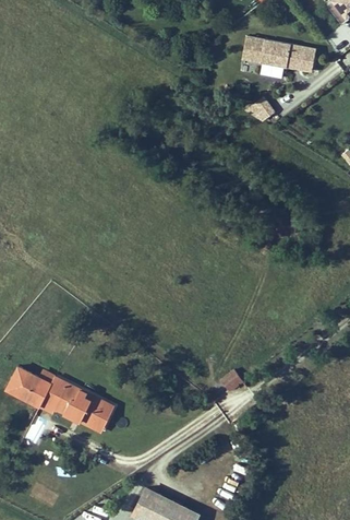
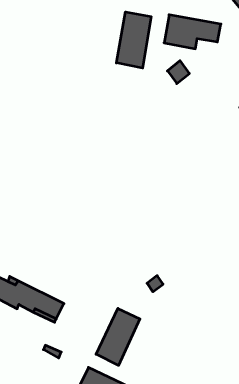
building: none -> [116,12,151,68]
building: none -> [96,308,140,365]

